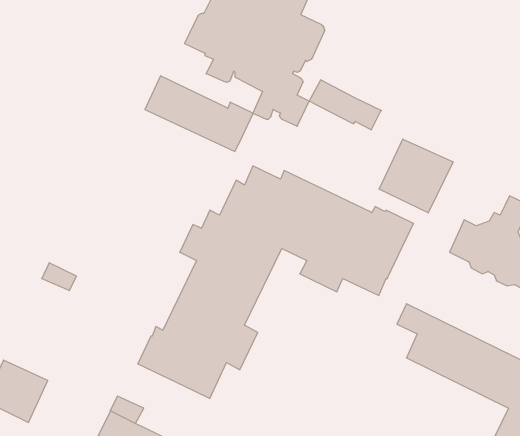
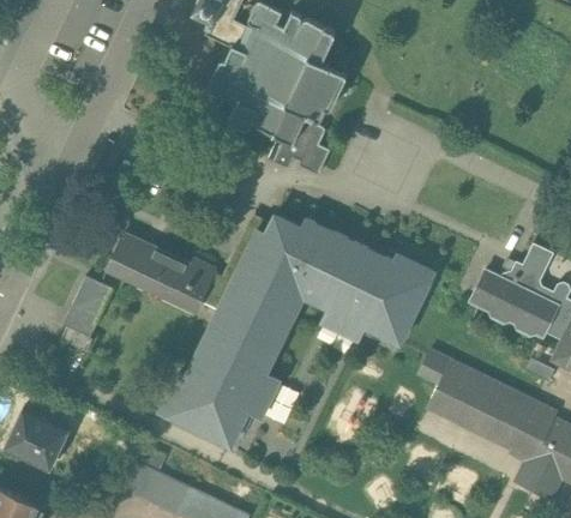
building: [145,76,253,151] -> [107,235,215,311]
building: [309,80,382,130] -> none
building: [379,139,453,213] -> none
building: none -> [71,278,114,325]

